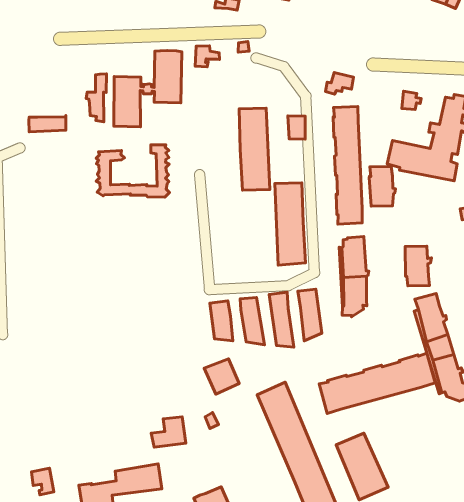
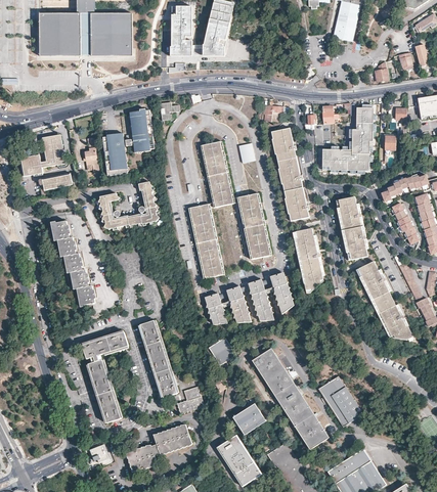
building: none -> [21,134,64,176]
building: [369,166,396,206] -> [338,195,360,228]
building: none -> [52,221,95,305]
building: none -> [187,203,223,277]
building: none -> [138,320,175,397]
building: none -> [81,331,127,422]
building: [319,353,435,414] -> none
building: none -> [231,397,265,435]

